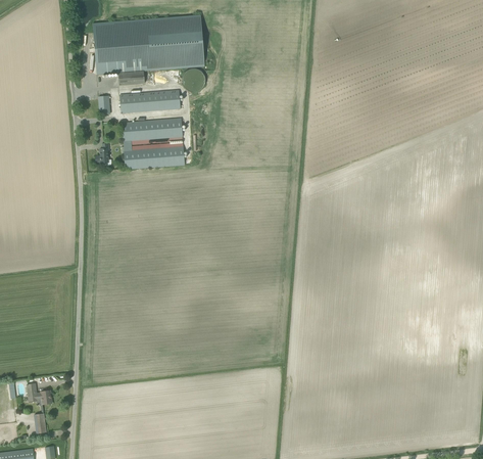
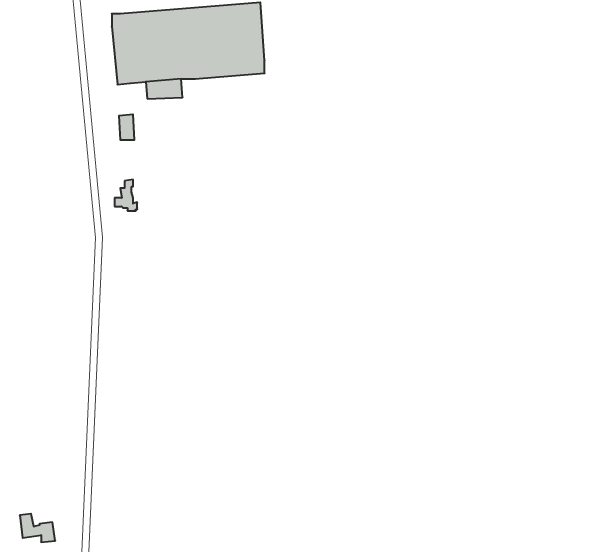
building: [119,90,180,112] -> none
building: [122,118,184,169] -> none

